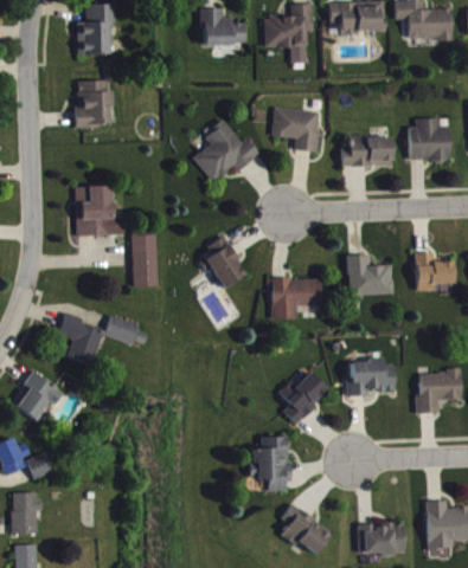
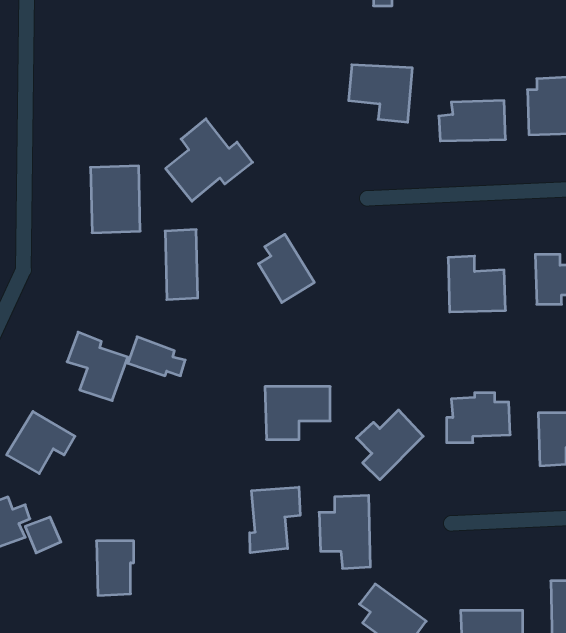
building: [75,79,111,127] -> none
building: [192,120,258,182] -> [166,119,253,201]
building: [270,278,320,318] -> [265,387,330,439]
building: none -> [250,487,300,553]
building: [11,492,39,534] -> [96,541,134,595]

